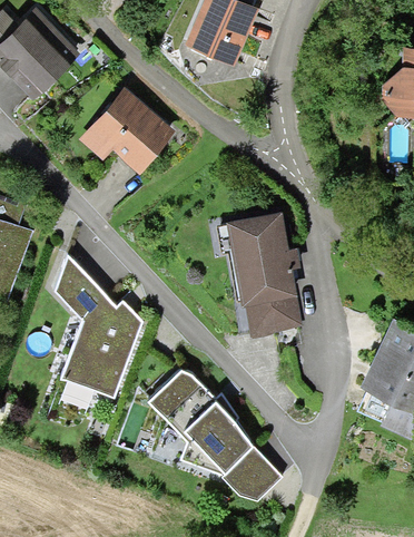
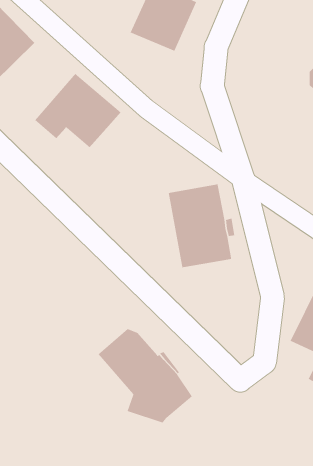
building: [55,255,142,400] -> none
building: [244,295,300,339] -> none
building: [220,447,282,501] -> none

